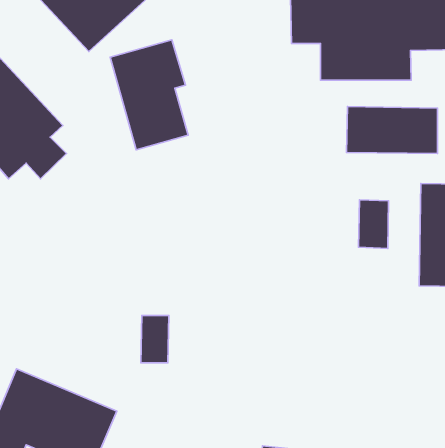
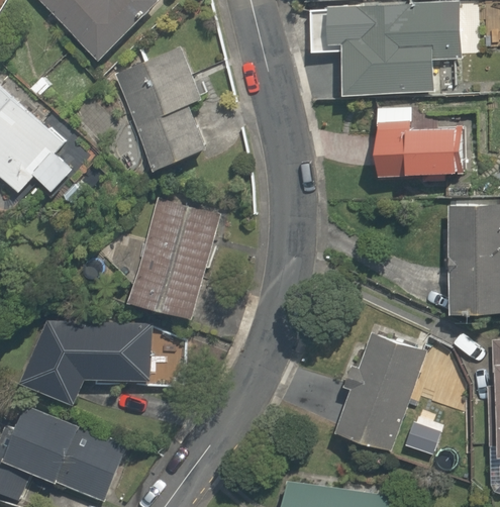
building: none -> [129,199,219,316]
building: [358,200,389,248] -> none
building: none -> [19,314,151,409]
building: none -> [335,332,426,449]

